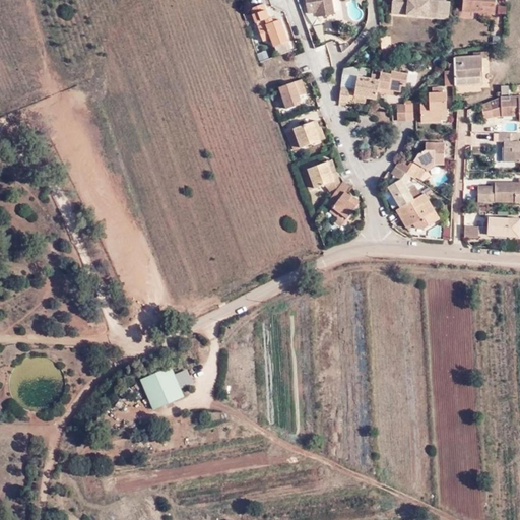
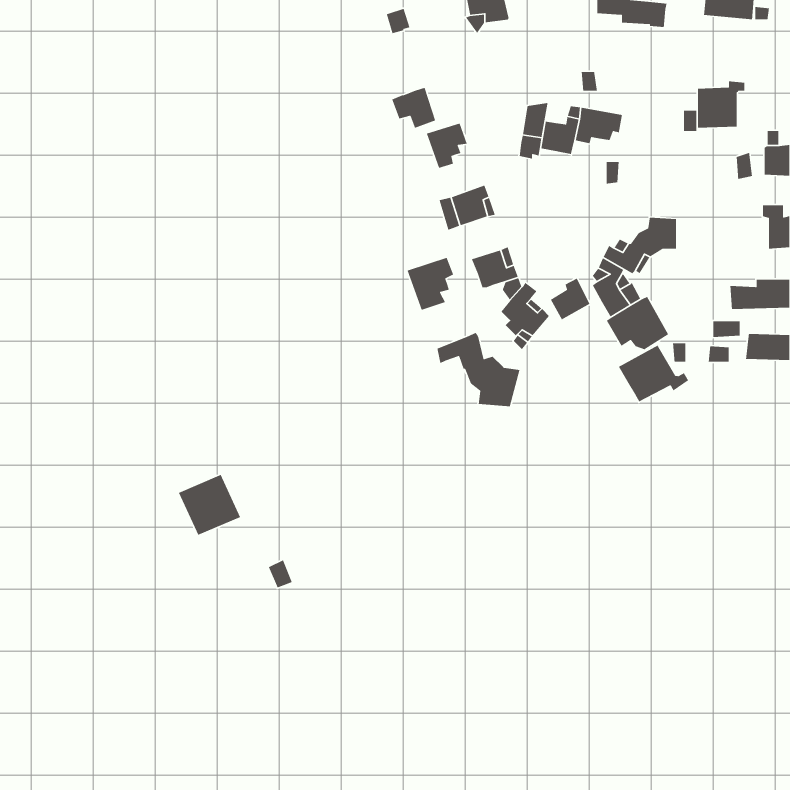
building: [259,19,288,47] -> [391,87,436,129]
building: [421,93,448,123] -> none
building: none -> [407,257,454,311]
building: none -> [550,278,591,321]
building: none -> [437,332,520,407]
building: none -> [618,345,689,402]
building: [141,367,183,407] -> [178,474,241,536]

